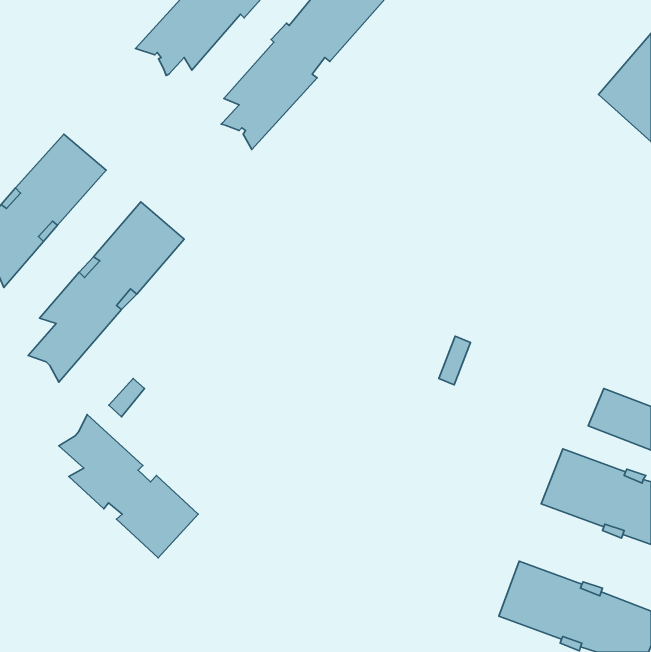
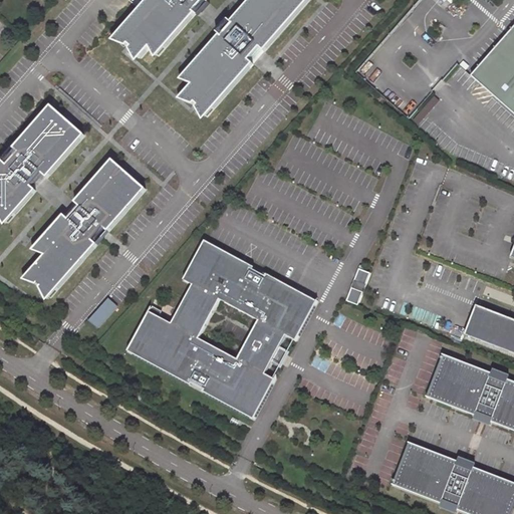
building: none -> [126,239,316,418]
building: [59,414,198,558] -> none

